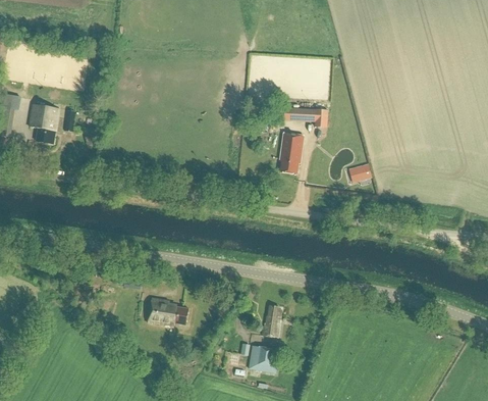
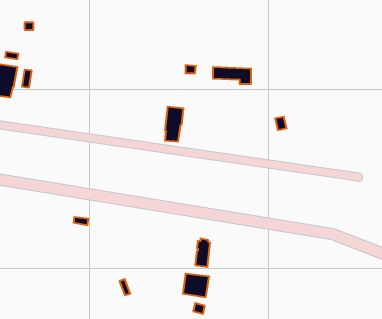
building: [279,132,301,171] -> [165,107,184,141]
building: [149,297,188,325] -> none

